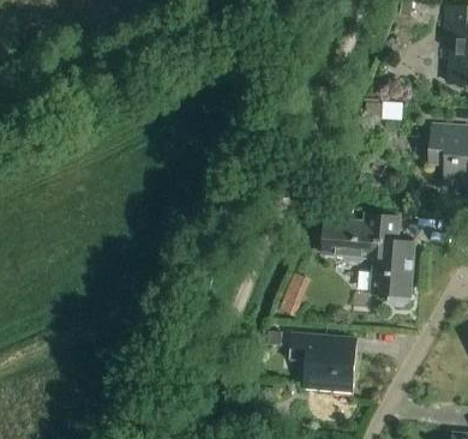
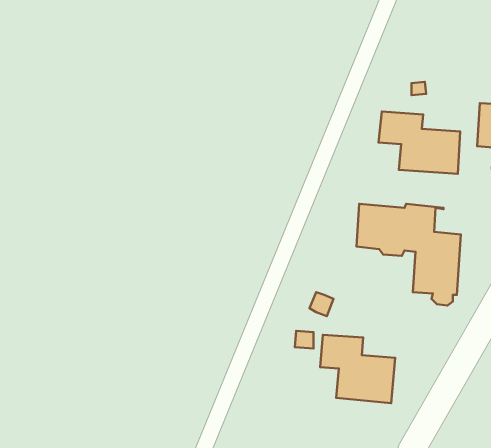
building: none -> [379,112,460,174]

